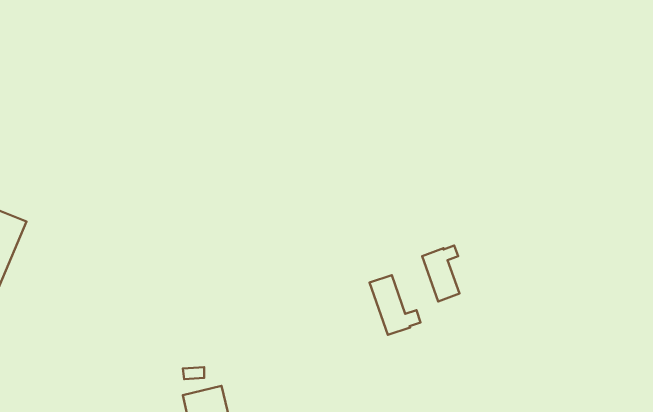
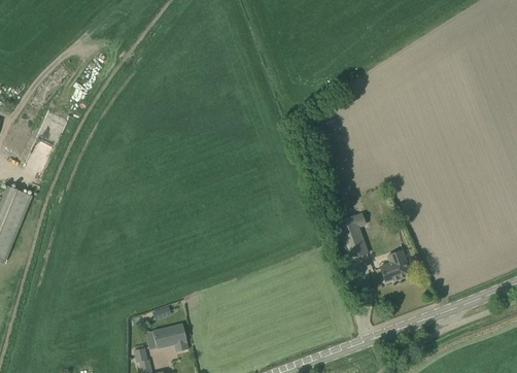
building: [369,275,421,335] -> none
building: none -> [379,249,412,283]

